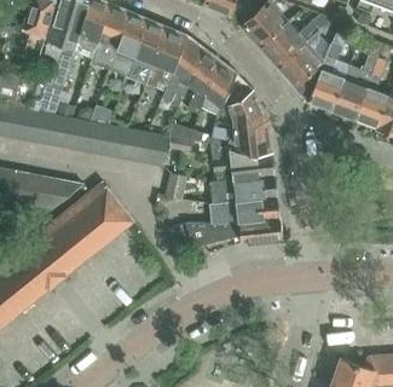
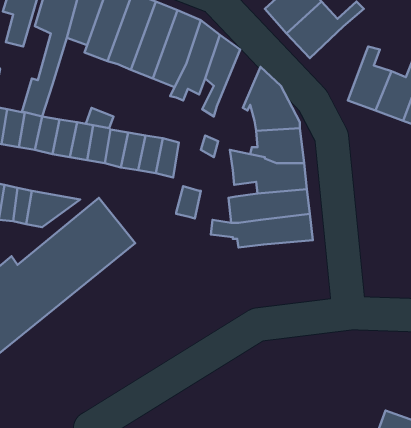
building: [277,41,324,103] -> none
building: [200,60,236,112] -> none
building: [187,219,282,248] -> none

